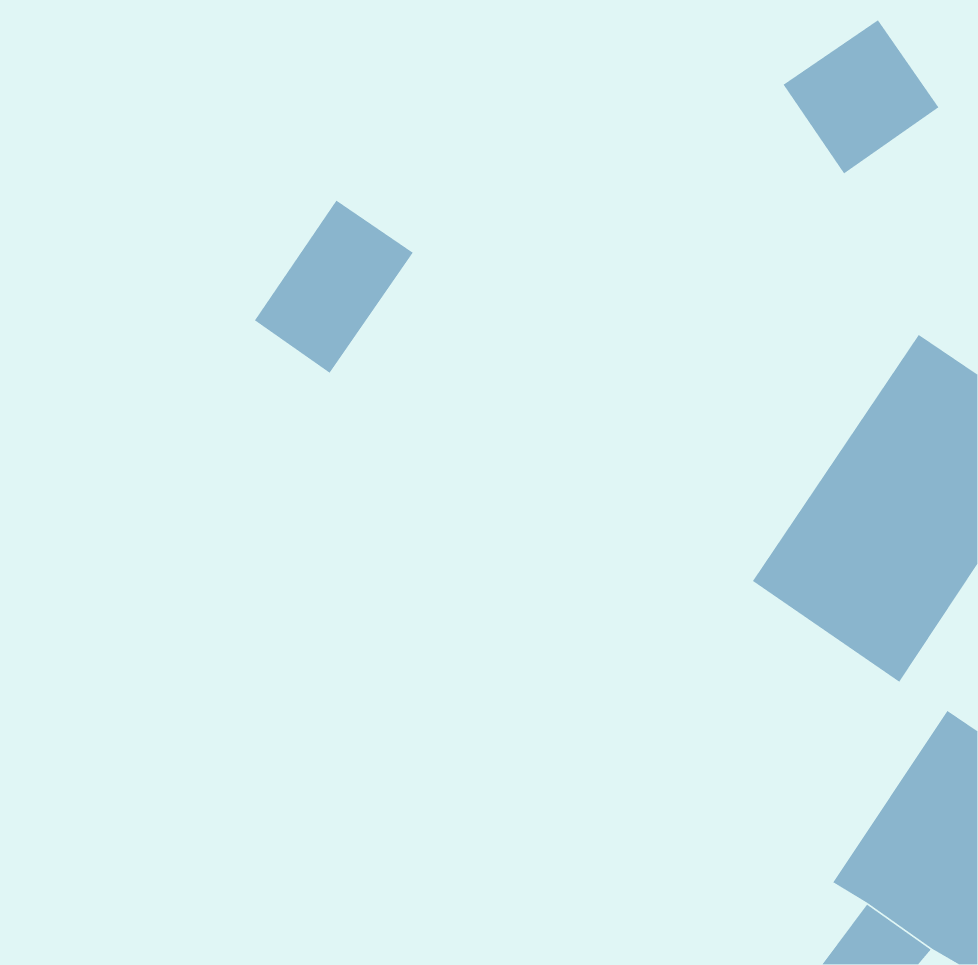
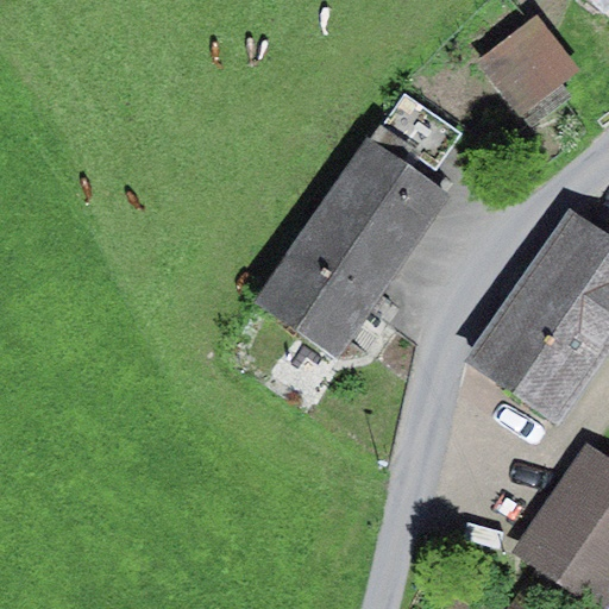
building: [254,200,414,374] -> none
building: none -> [257,138,448,354]

